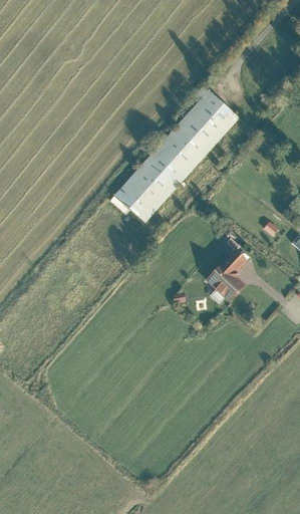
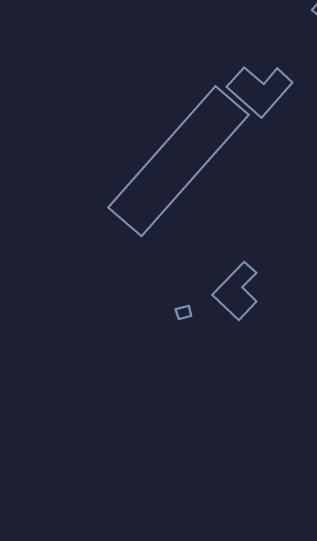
building: none -> [226,67,292,118]

